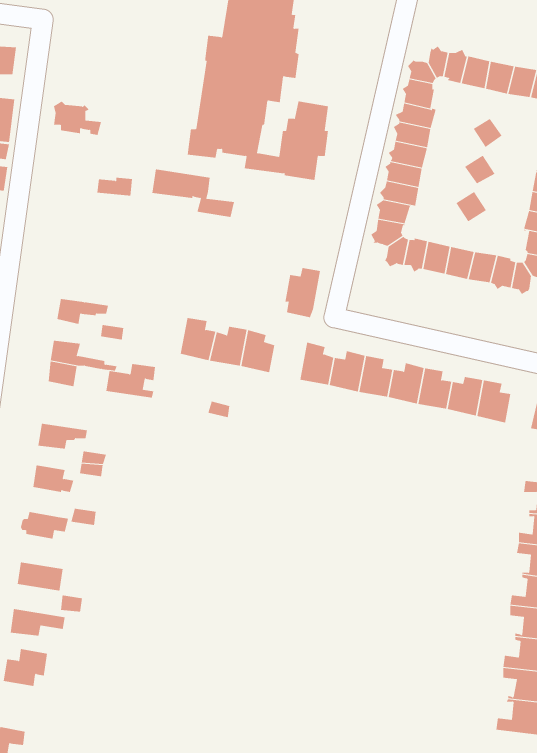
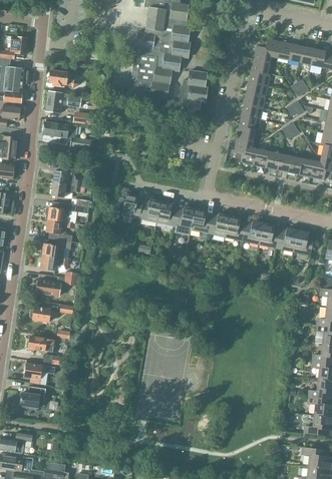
building: none -> [45,91,71,114]
building: [152,169,235,217] -> [43,121,91,149]
building: none -> [52,165,81,187]
building: [284,267,321,318] -> [174,206,195,235]
building: [106,363,156,398] -> [41,240,70,260]

